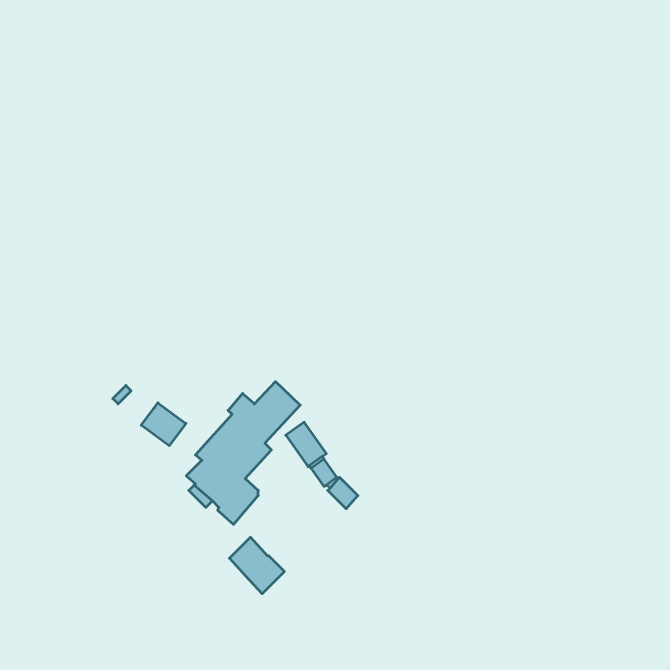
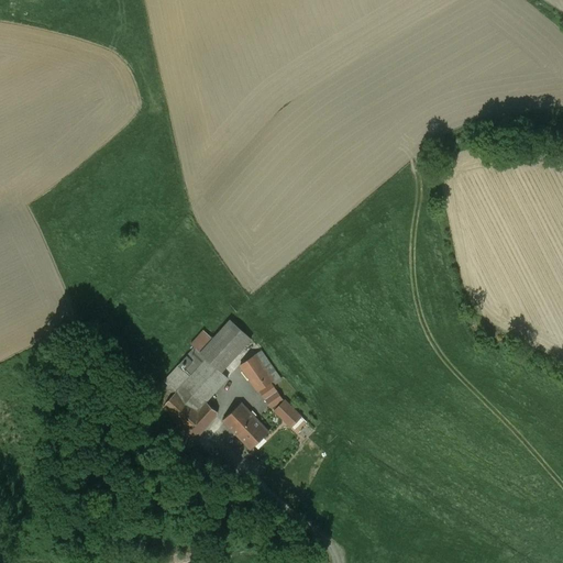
building: [141,403,186,446] -> none
building: [229,537,284,594] -> [223,402,269,450]

